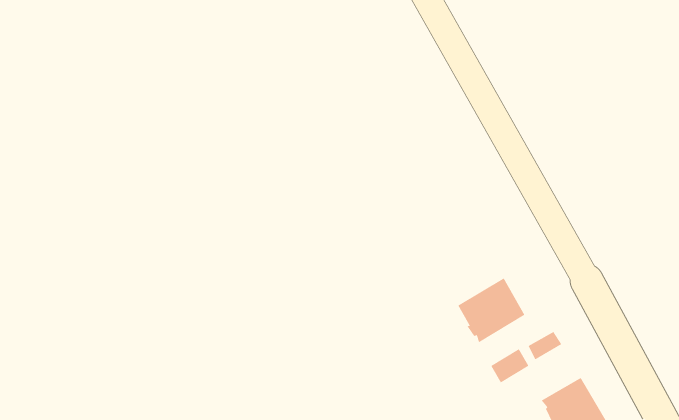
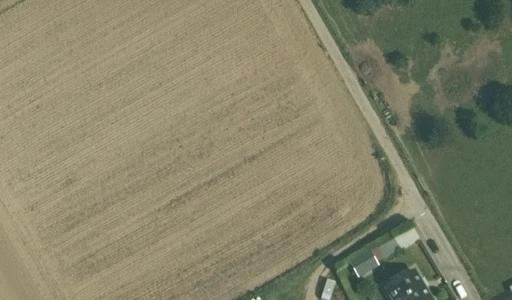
building: [457,277,525,343] -> none

